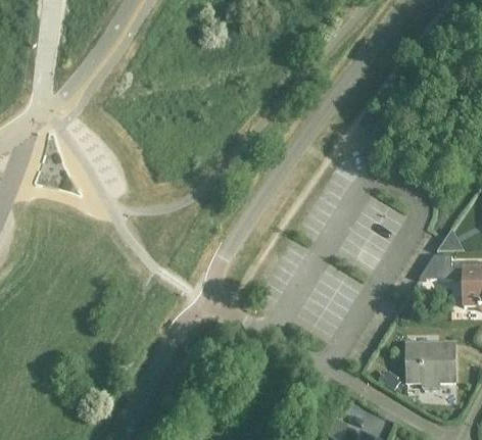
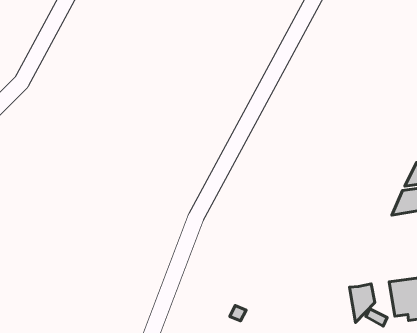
building: none -> [350,284,375,323]

